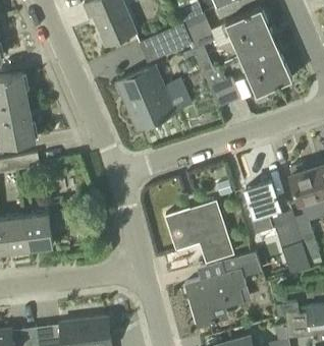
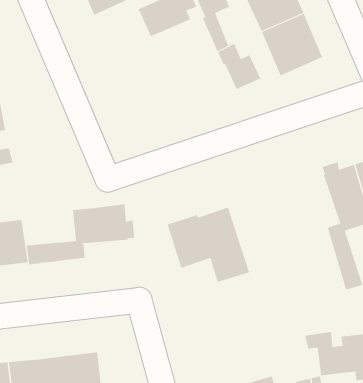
building: [116,67,192,129] -> none
building: [245,181,309,272] -> none
building: none -> [26,204,135,265]
building: [184,251,261,327] -> none

